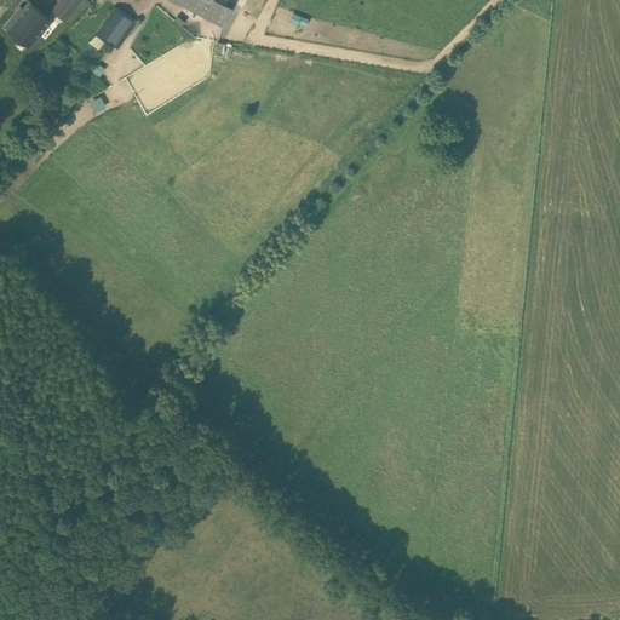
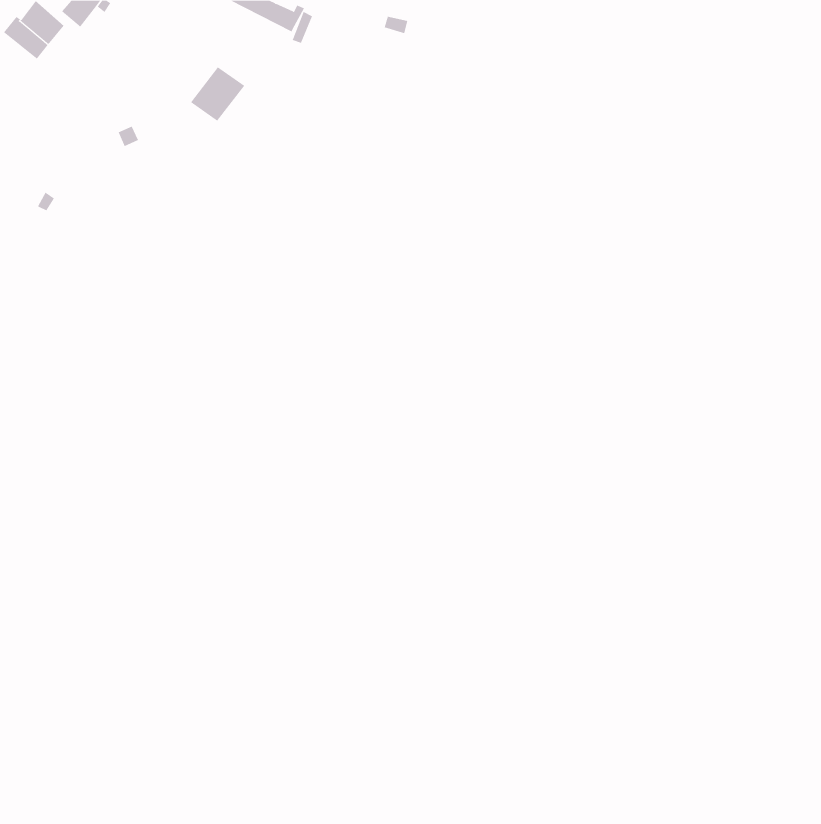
building: [93,6,134,47] -> [190,67,245,121]

